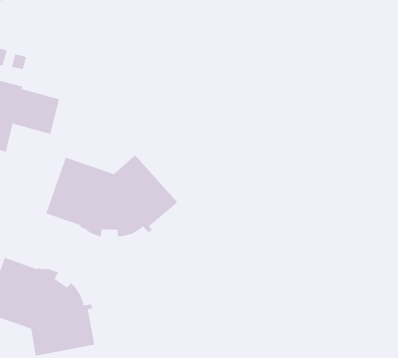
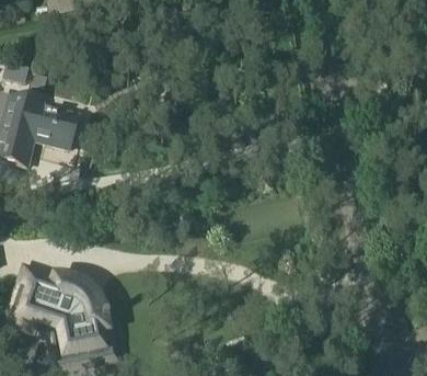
building: [46,155,178,237] -> none

